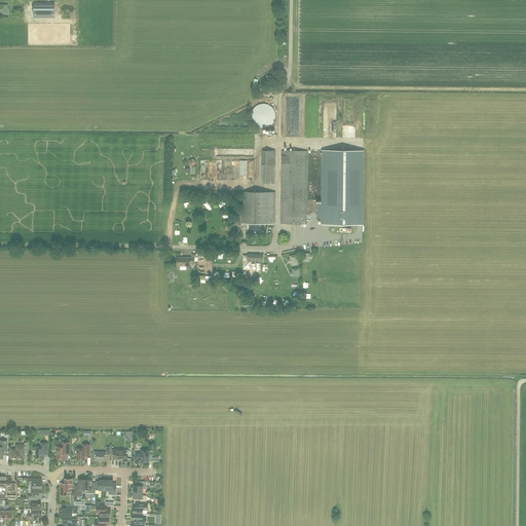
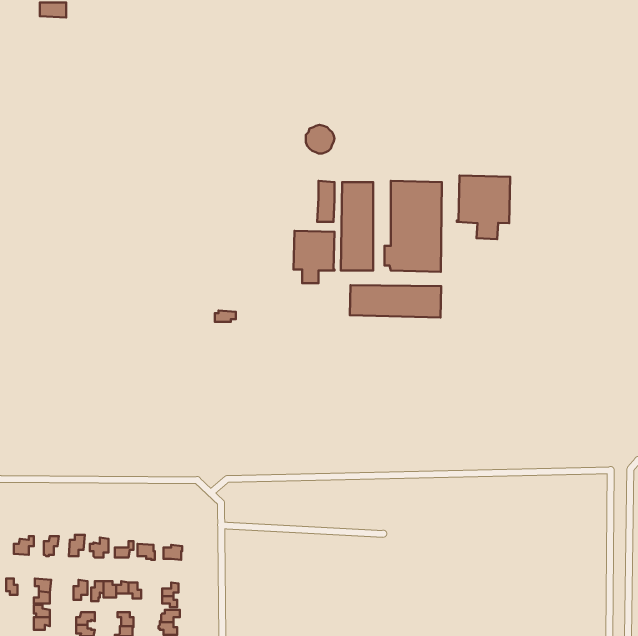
building: none -> [457,176,510,239]
building: none -> [350,285,441,317]

